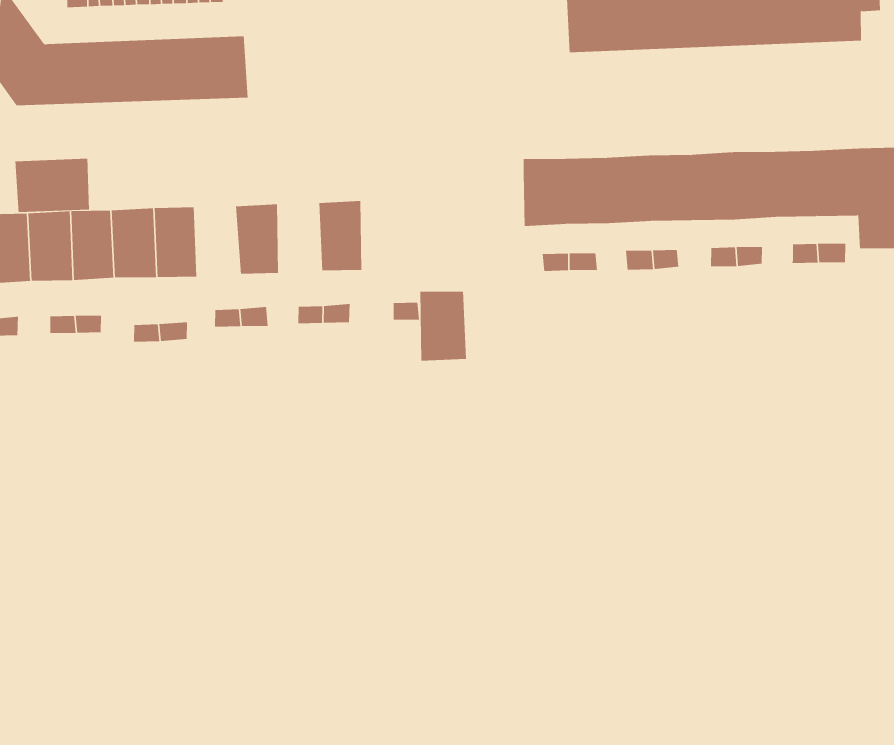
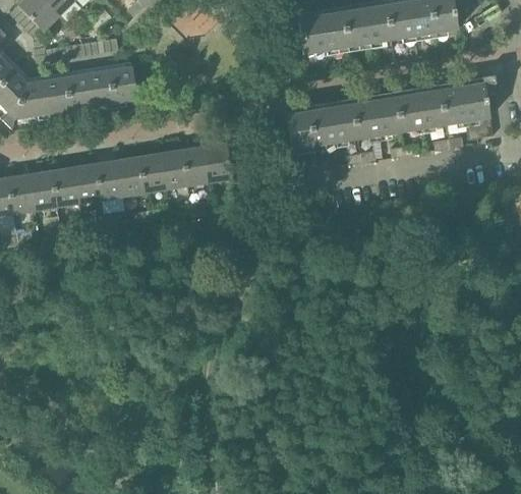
building: [15,158,89,213] -> none
building: none -> [160,150,187,189]
building: none -> [116,157,144,197]
building: [419,291,467,361] -> [204,143,233,182]

